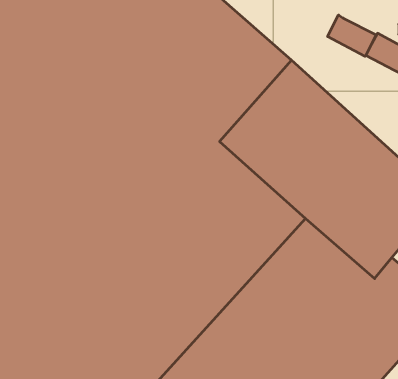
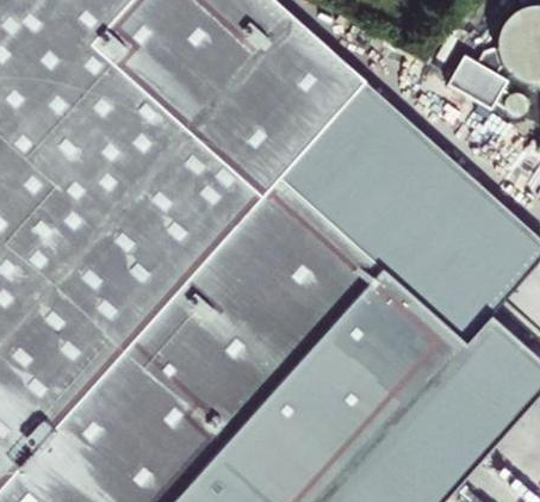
building: [328,15,376,56] -> none

